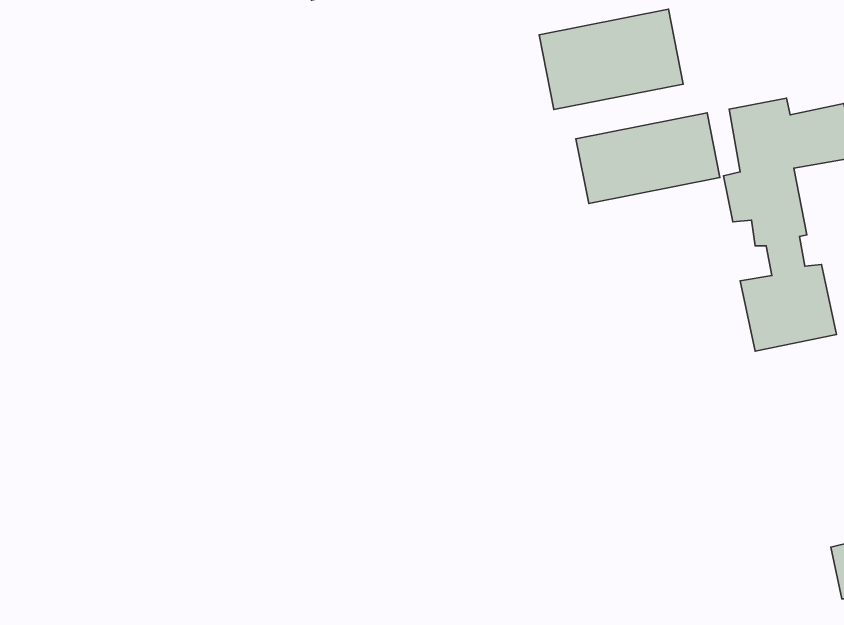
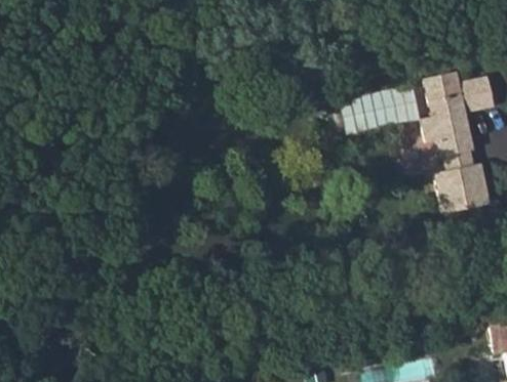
building: [539,9,683,110] -> none

